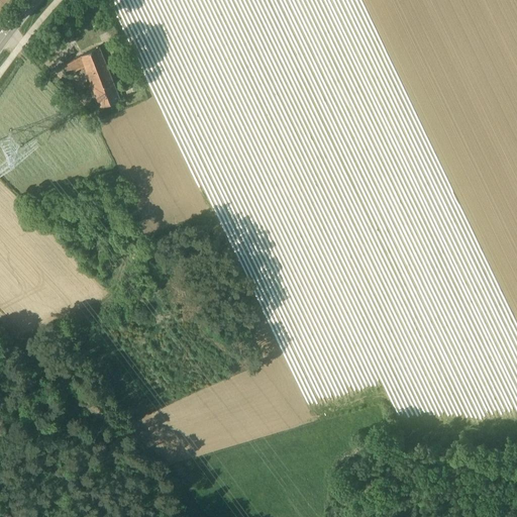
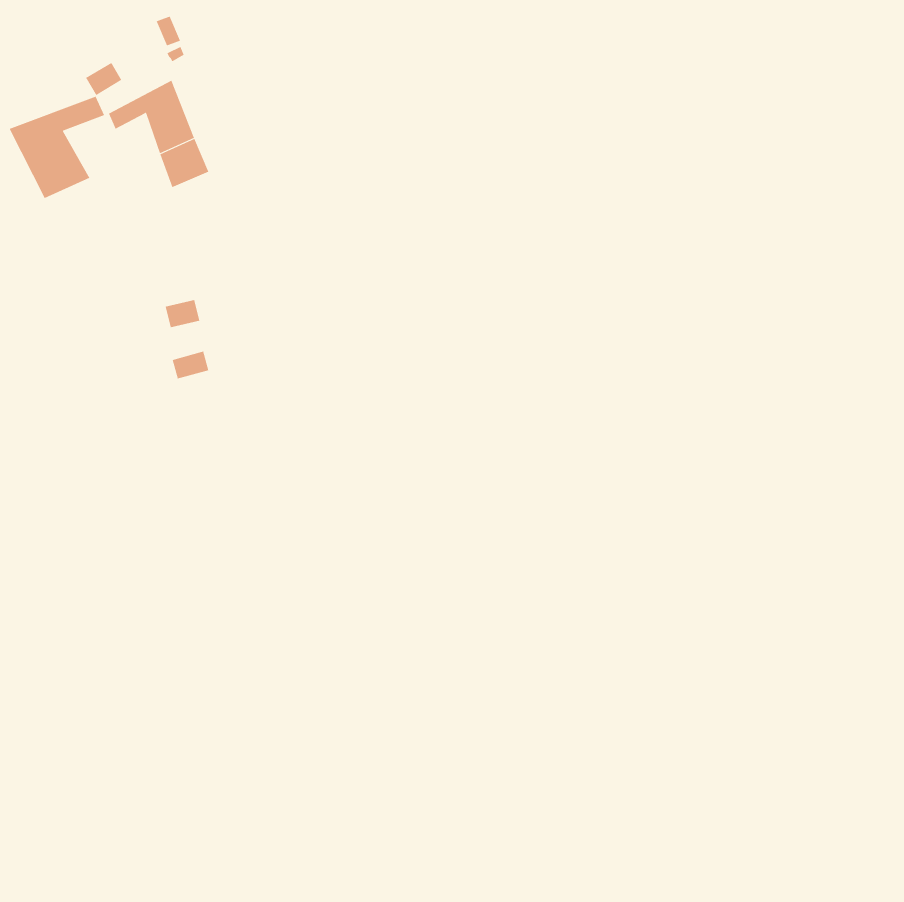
building: none -> [9,96,105,199]

